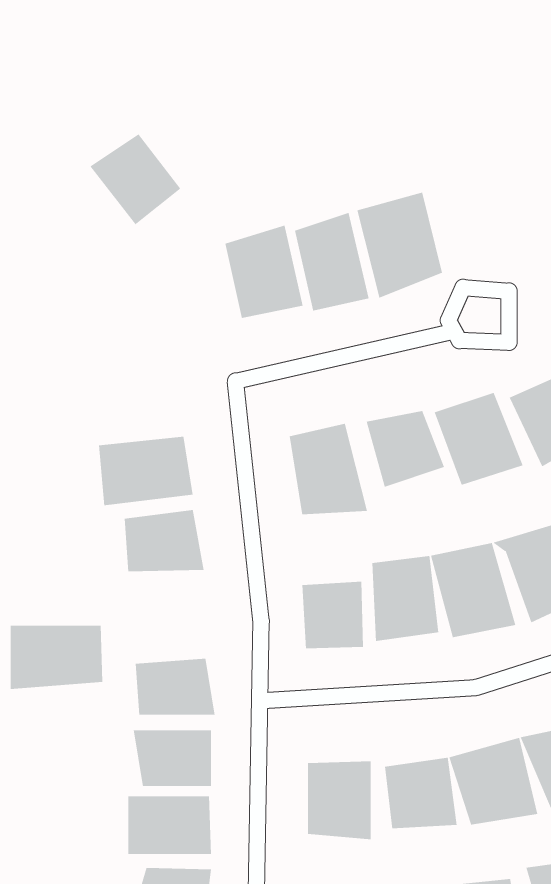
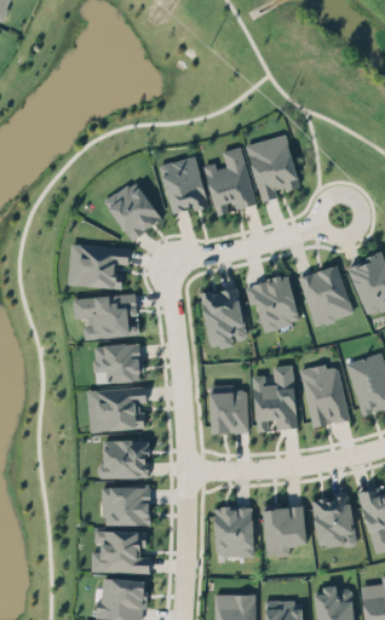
building: [89,133,181,225] -> [103,179,163,240]
building: none -> [67,241,127,291]
building: [10,625,103,689] -> [86,390,148,432]

